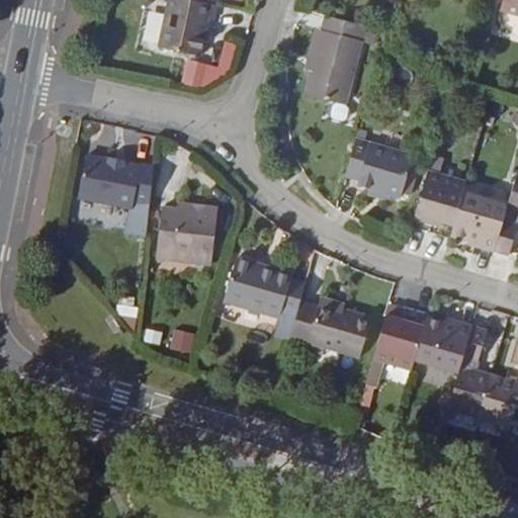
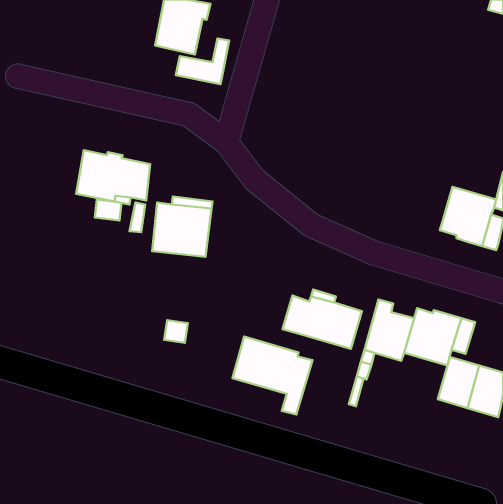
building: [305,15,365,104] -> none
building: [345,130,412,197] -> none
building: [414,171,466,226] -> none
building: [224,258,306,338] -> [232,337,312,415]

